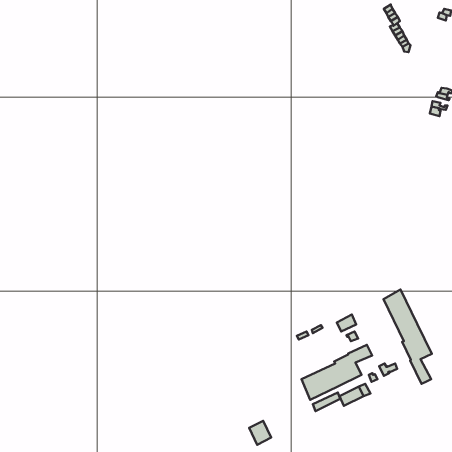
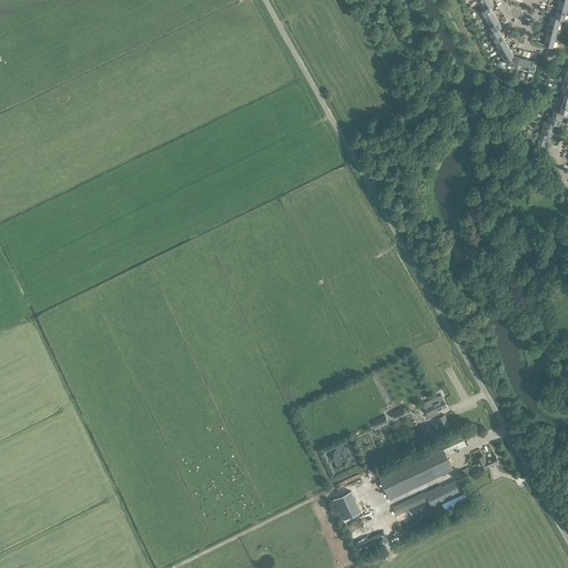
building: [383,290,432,384] -> none
building: [249,421,271,445] -> [332,491,359,521]

